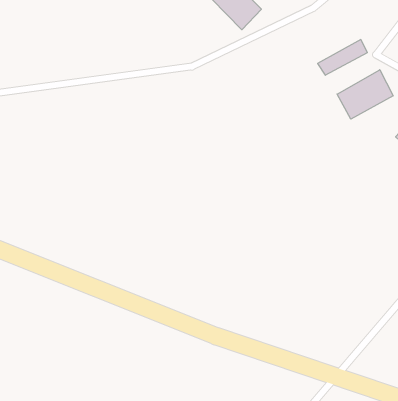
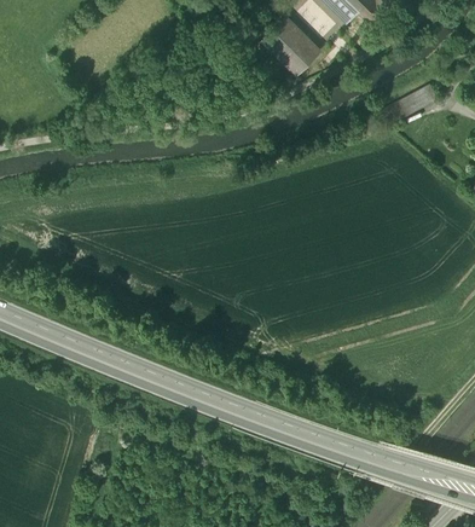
building: [337,70,393,119] -> none

